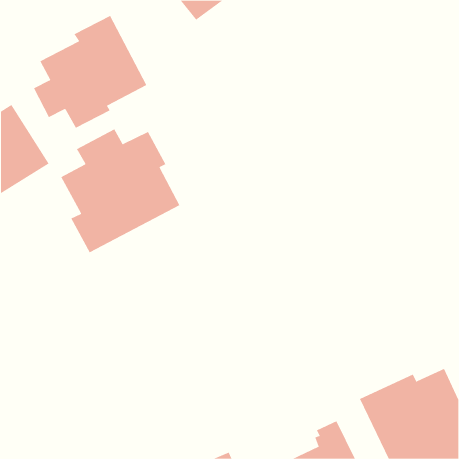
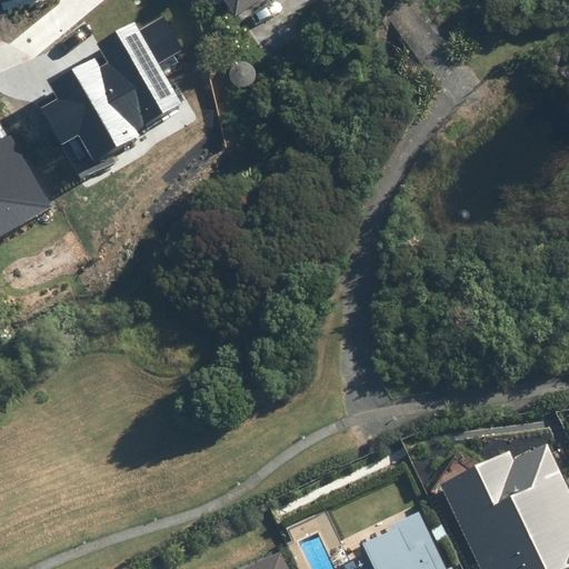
building: [60,128,180,253] -> none

